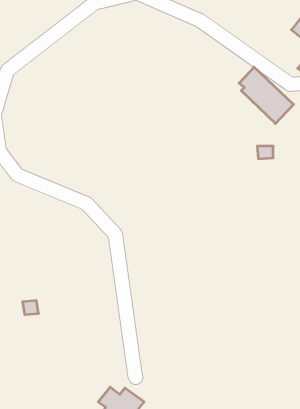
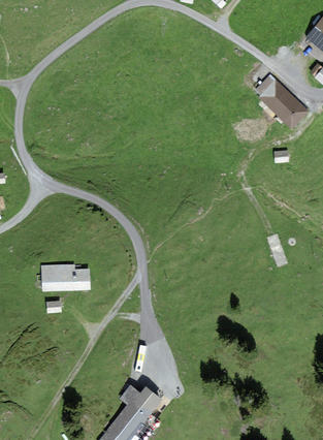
building: none -> [41,264,91,292]

